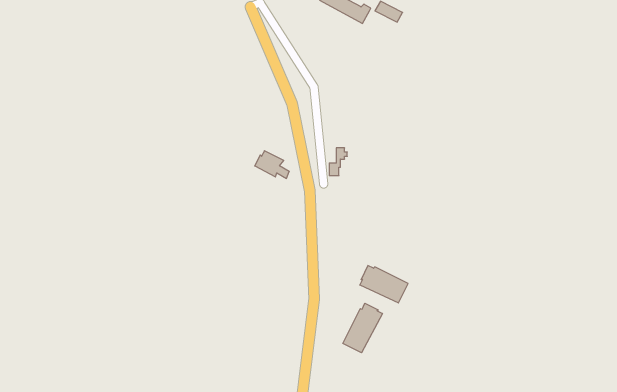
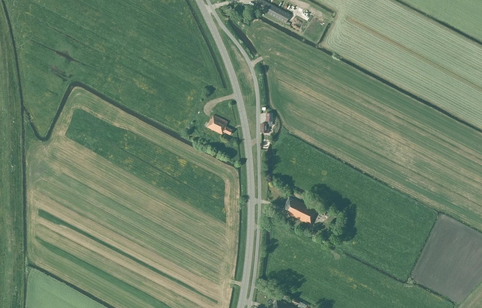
building: [343,303,382,353] -> none

